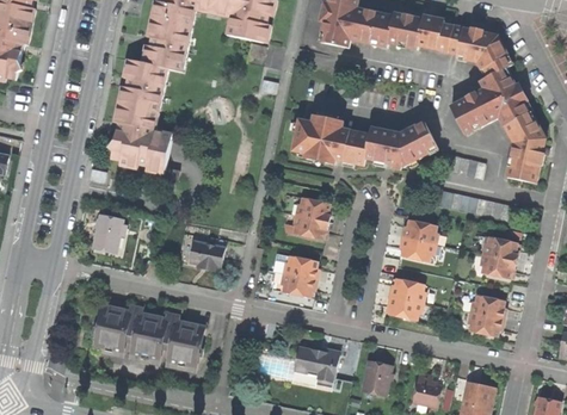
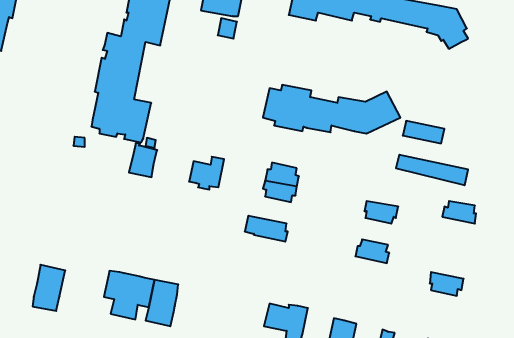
building: [450,69,544,182] -> none
building: [92,212,122,248] -> [129,143,157,177]
building: [401,219,437,243] -> none
building: [187,236,224,271] -> [189,157,224,190]
building: [480,254,516,278] -> none
building: [279,273,315,297] -> none
building: [387,296,423,321] -> none
building: [469,296,506,320] -> none
building: [94,305,129,354] -> [33,265,65,311]

